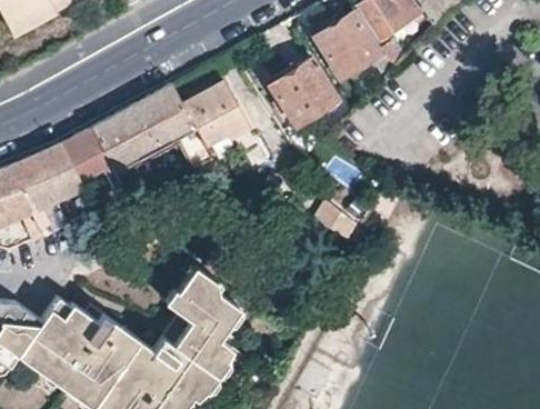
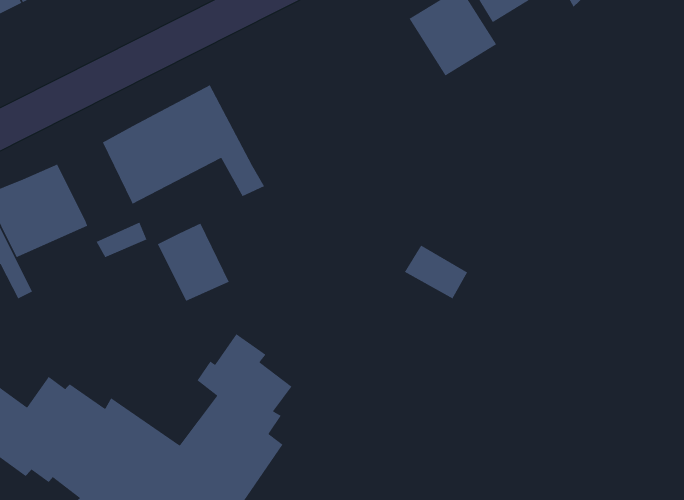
building: [270,62,339,129] -> none
building: [183,84,249,146] -> none
building: [62,129,116,187] -> [157,222,230,302]

